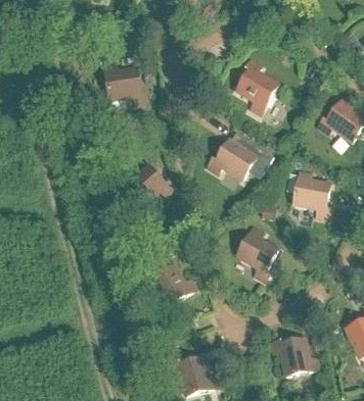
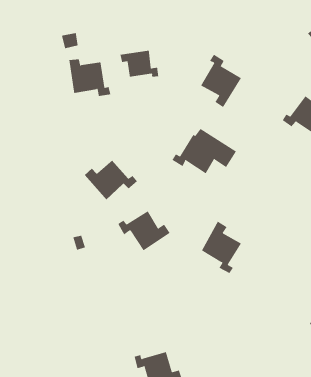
building: none -> [120,50,159,77]
building: [293,169,330,216] -> none
building: [143,264,196,305] -> [118,211,171,251]
building: [271,338,319,374] -> none

